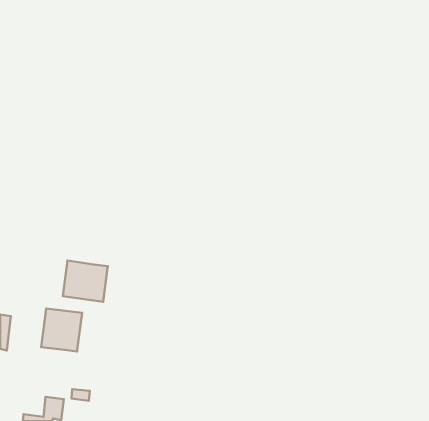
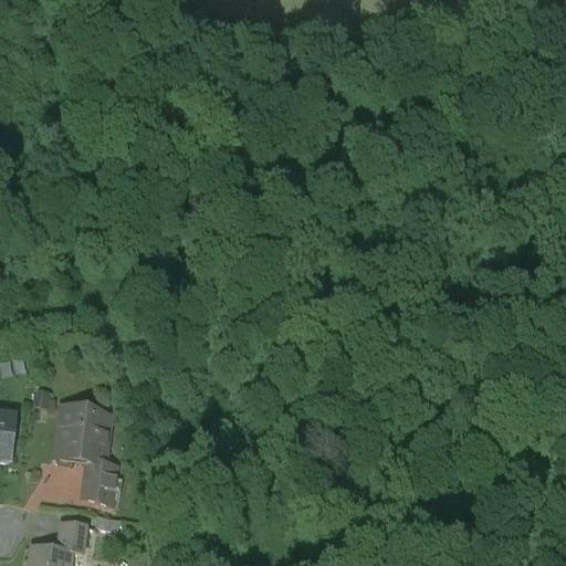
building: [63,261,108,302] -> none
building: none -> [81,461,116,501]

